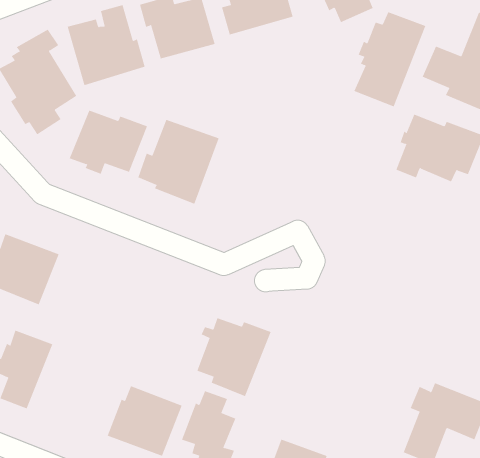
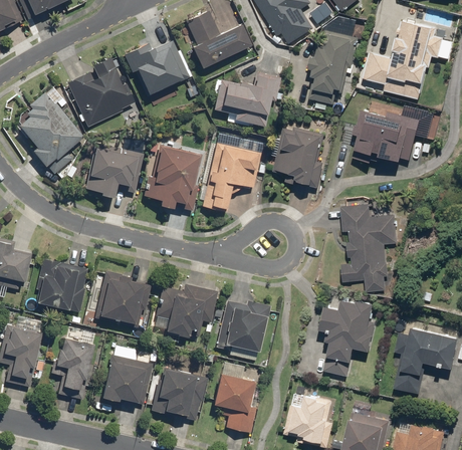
building: none -> [213,71,281,127]
building: none -> [273,127,325,187]
building: none -> [201,142,261,211]
building: none -> [340,203,399,292]
building: none -> [94,269,151,327]
building: none -> [155,283,217,338]
building: none -> [318,298,374,377]
building: none -> [99,347,153,404]

